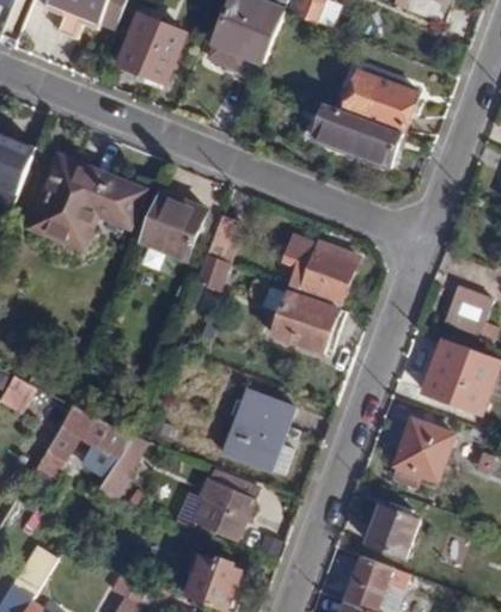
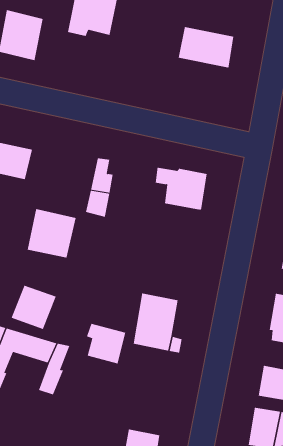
building: [310,102,402,166] -> none
building: [139,191,207,259] -> [27,208,77,258]
building: [271,283,336,349] -> none
building: none -> [11,285,57,330]
building: [197,481,251,537] -> [86,323,126,364]

